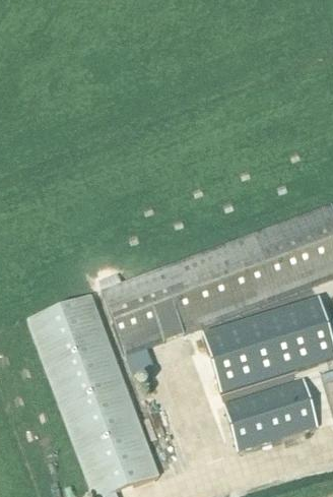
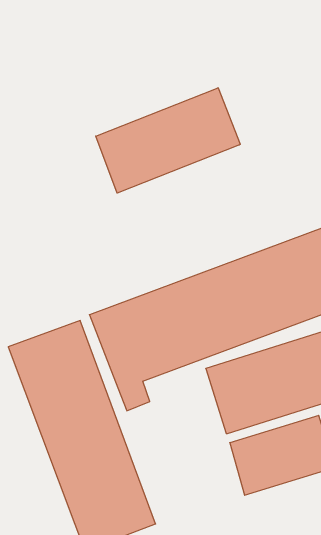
building: none -> [96,88,240,193]

